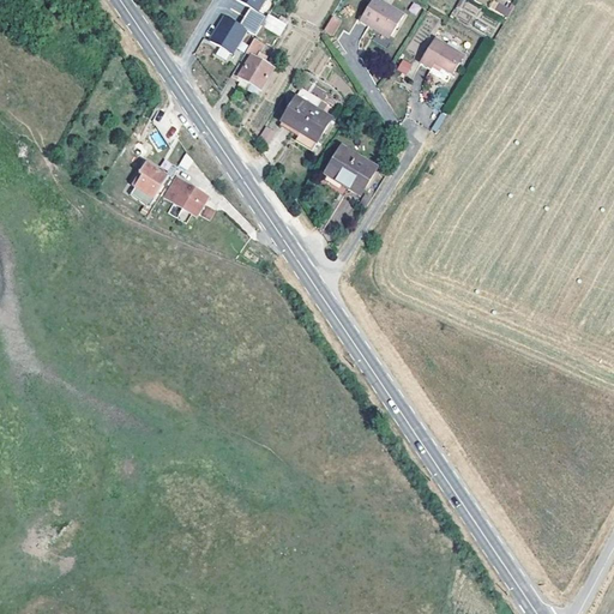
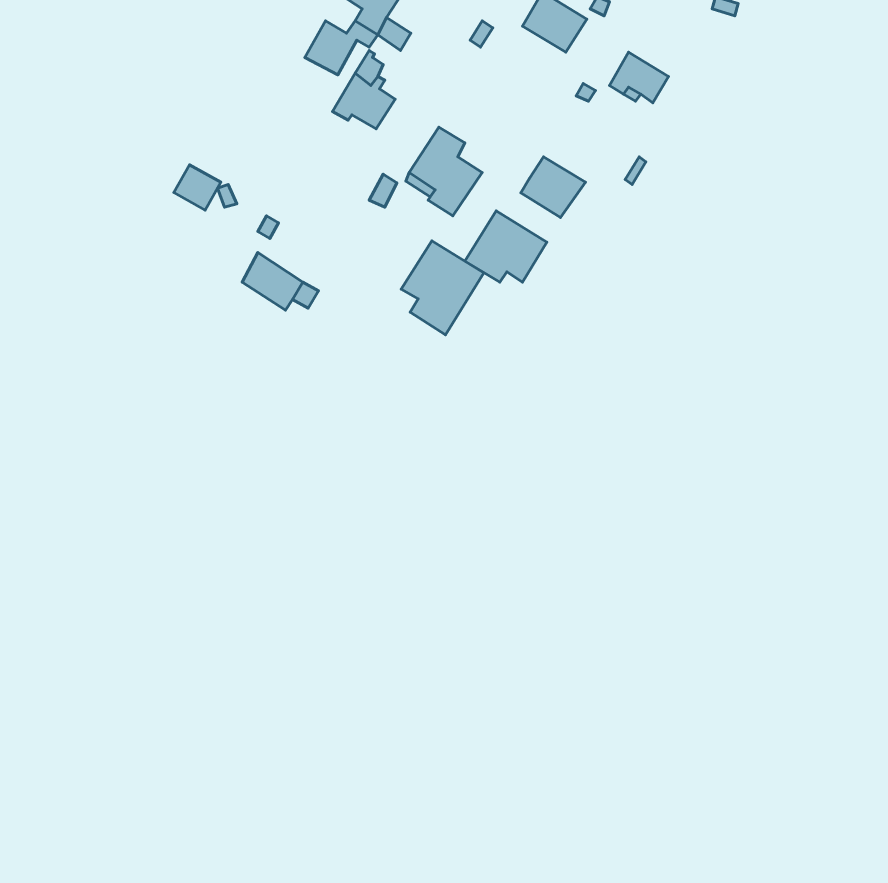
building: none -> [521,157,585,217]
building: [132,161,164,192] -> [174,165,221,210]
building: none -> [401,241,484,335]

